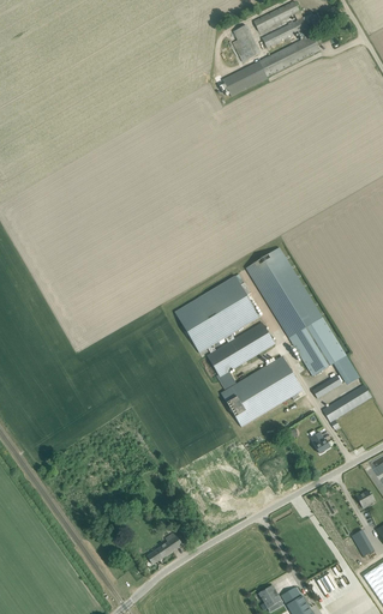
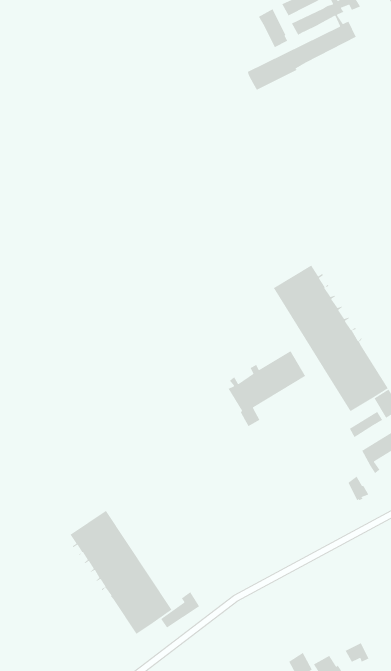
building: [174,276,259,354] -> none
building: [221,355,303,427] -> none
building: none -> [70,510,173,635]

